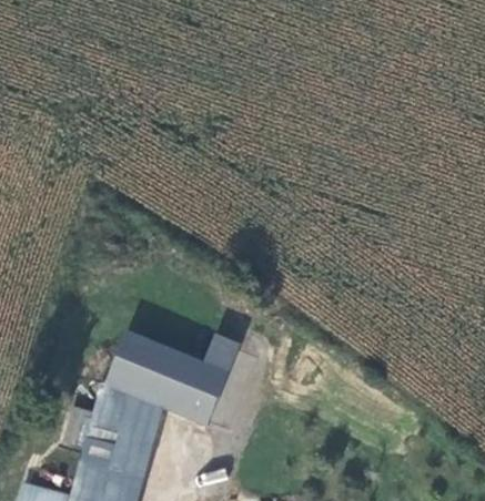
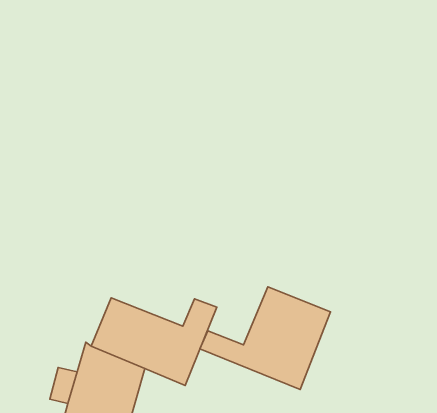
building: none -> [200,287,331,389]

